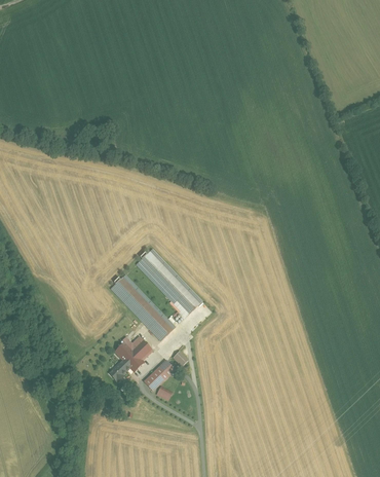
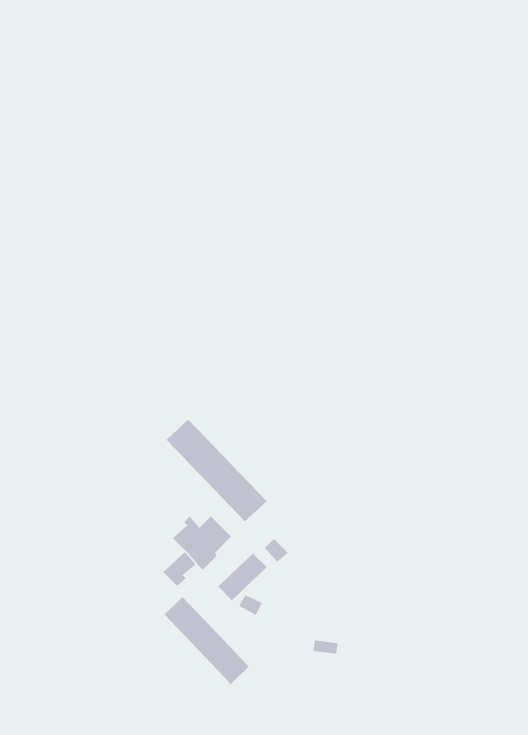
building: [136,249,201,319] -> none
building: none -> [164,596,249,685]

